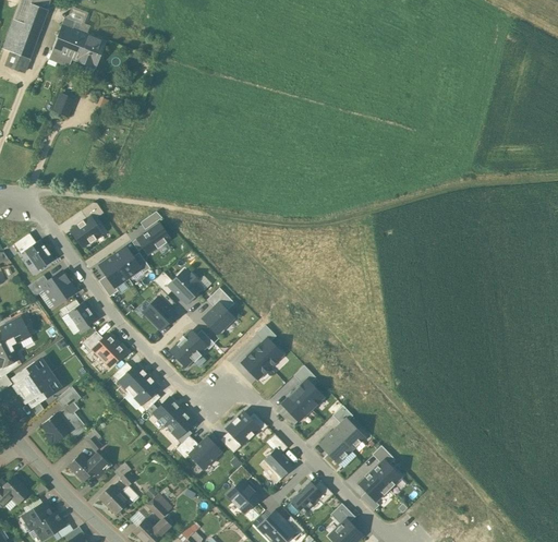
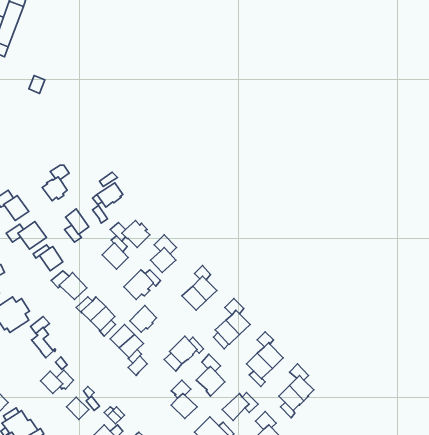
building: [50,25,105,68] -> none
building: [112,248,141,278] -> none
building: [41,413,70,443] -> none
building: [189,436,221,469] -> [130,305,157,332]

